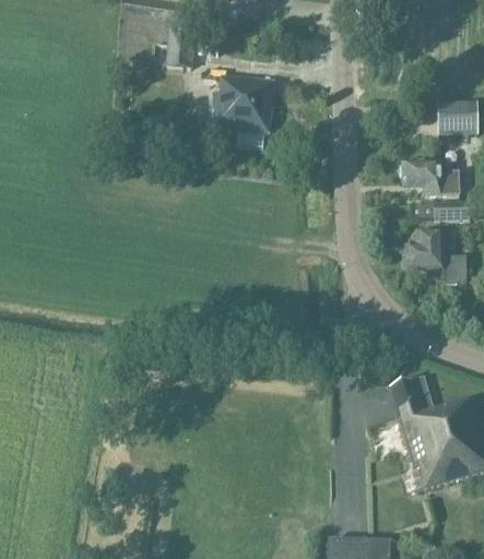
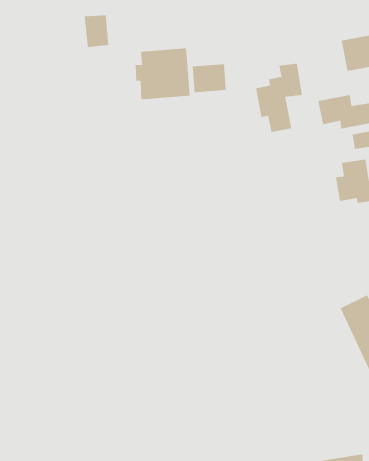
building: none -> [192,63,226,93]
building: none -> [255,63,303,133]

